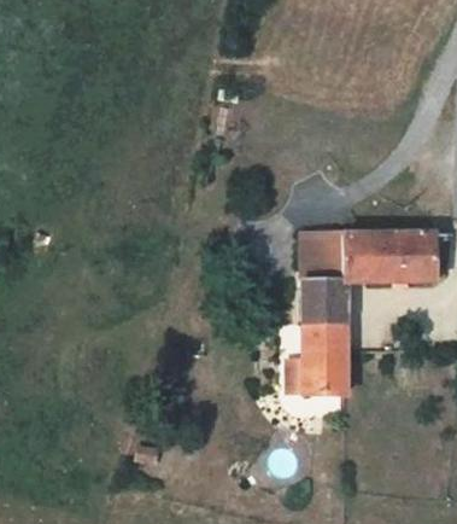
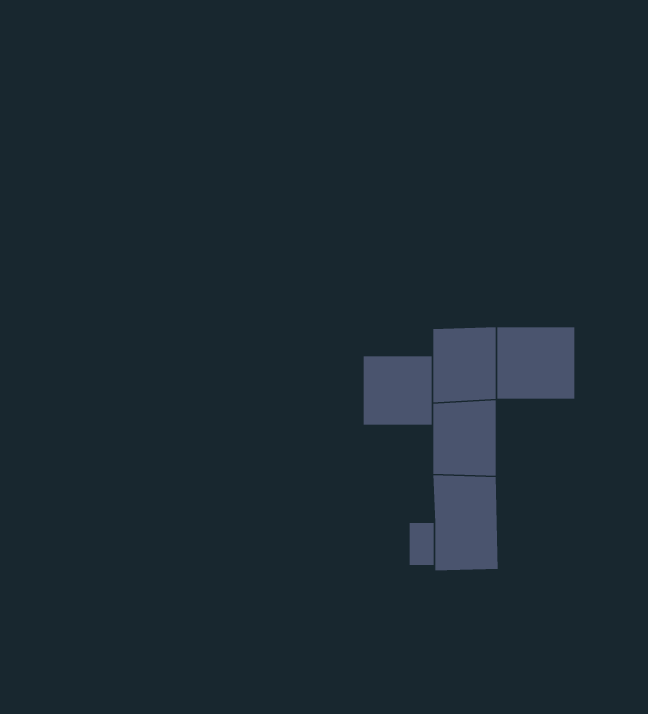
building: [404,231,435,280] -> none
building: none -> [363,355,433,426]

